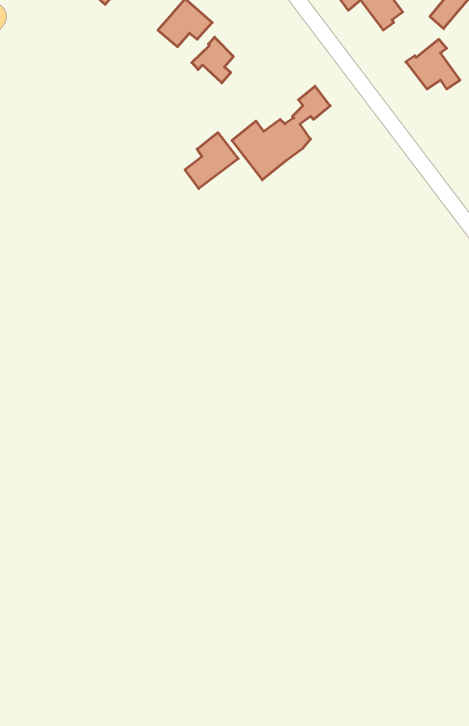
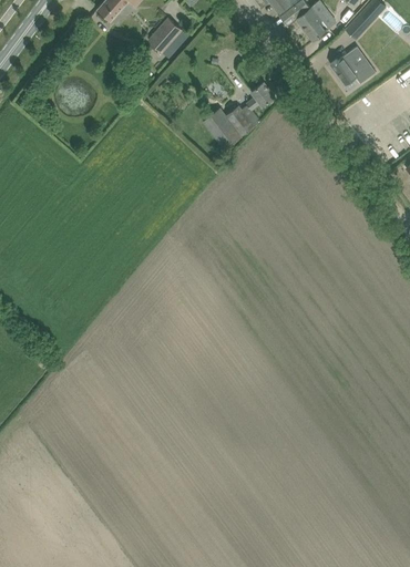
building: [192,37,233,83] -> none
building: [185,133,238,189] -> none

